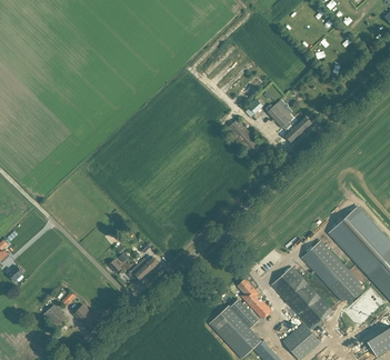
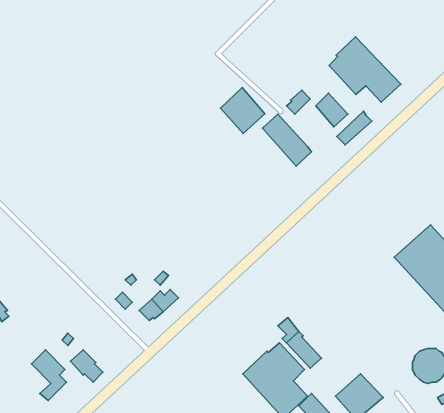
building: none -> [329,37,401,102]
building: none -> [220,87,265,133]
building: [301,241,361,303] -> none
building: [271,267,331,329] -> none

